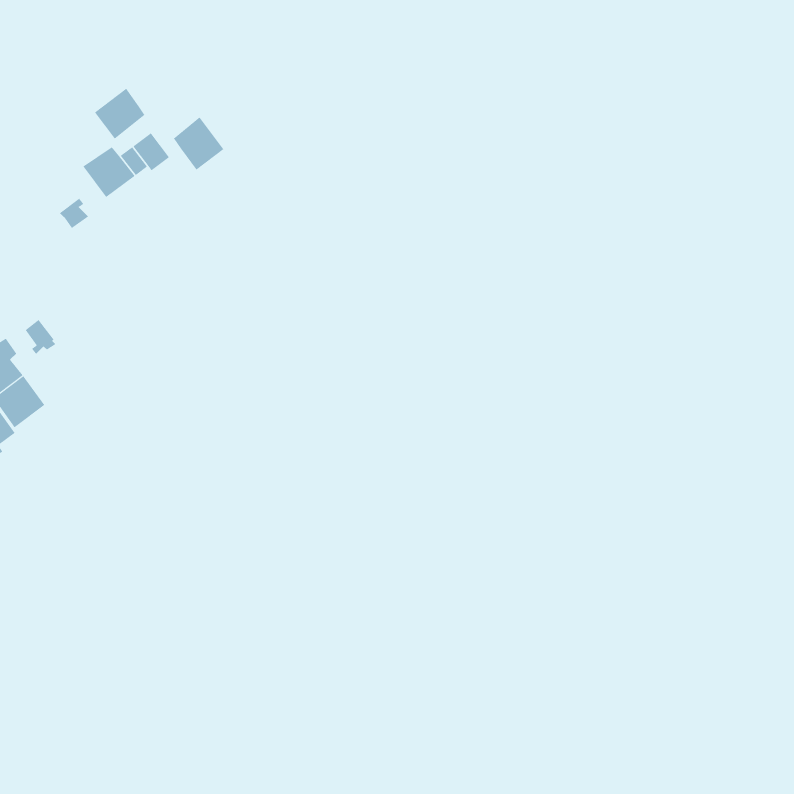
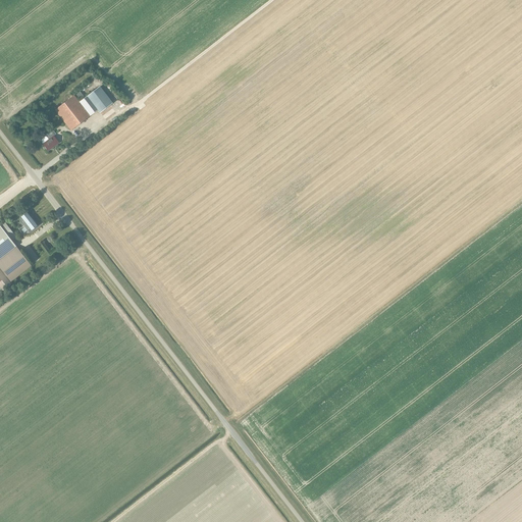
building: [94,88,145,140] -> none
building: [173,117,224,171] -> none

